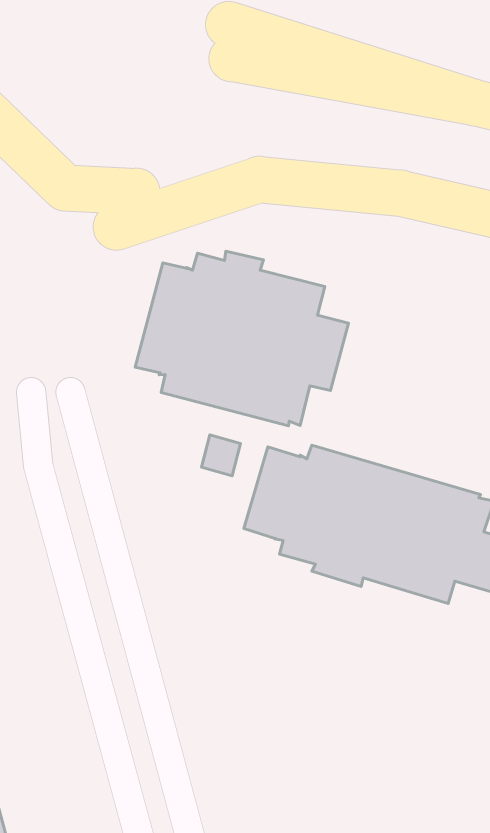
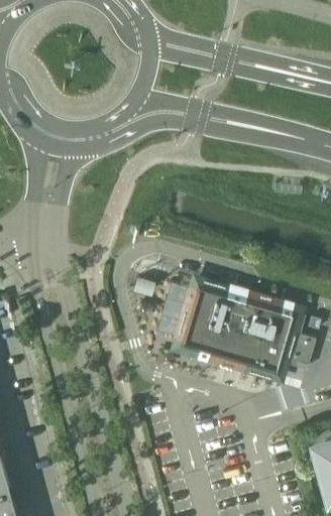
building: [135,251,348,426] -> none

